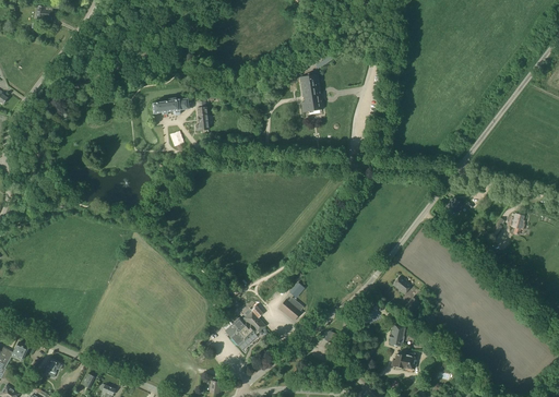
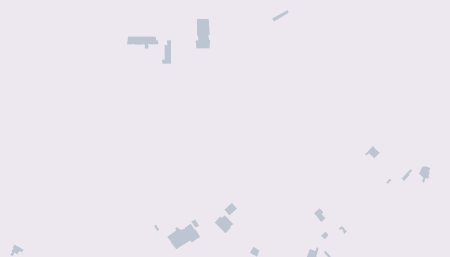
building: [300,75,321,112] -> [195,19,211,49]

